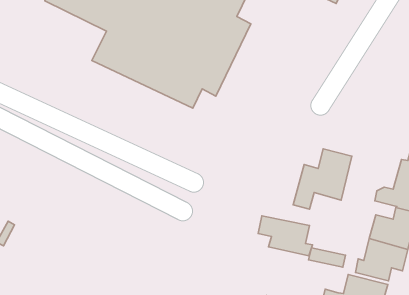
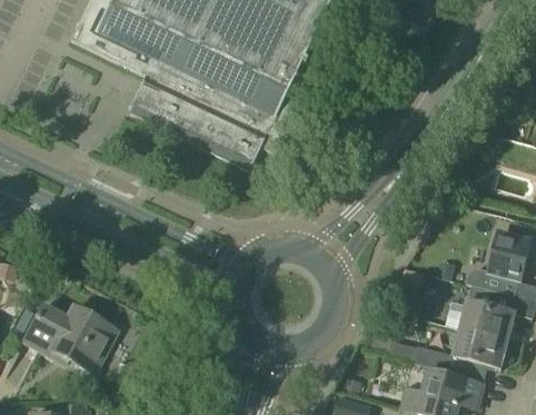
building: [293,149,352,209] -> none
building: [258,216,312,256] -> none
building: none -> [22,305,113,373]

